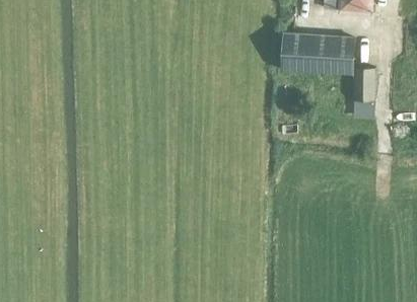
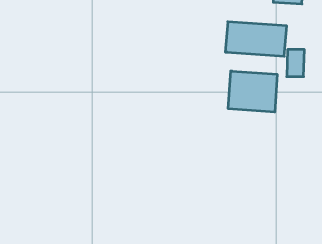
building: none -> [228,71,277,112]

